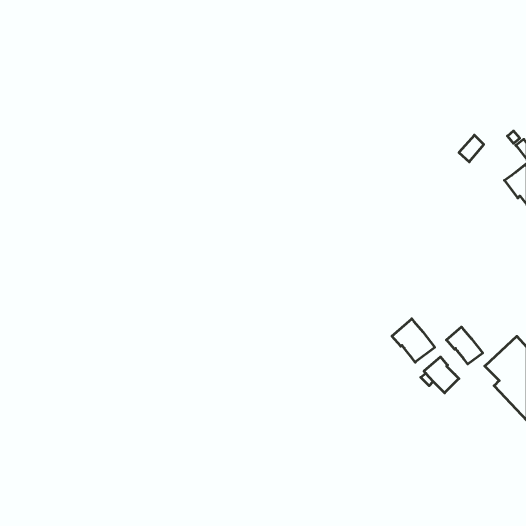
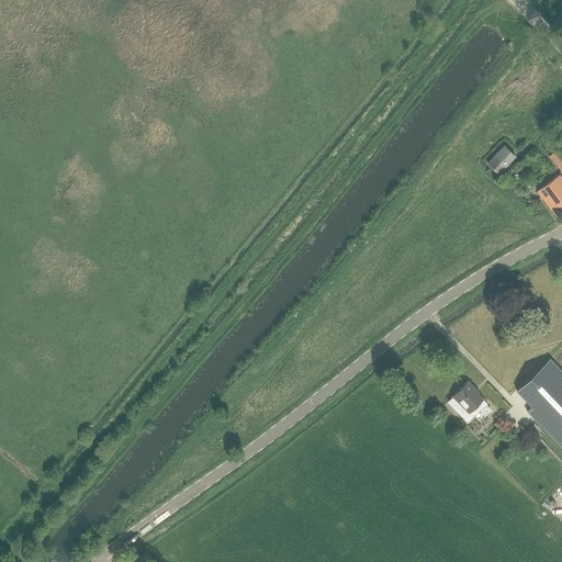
building: [392,319,435,362] -> none
building: [446,327,483,364] -> none

